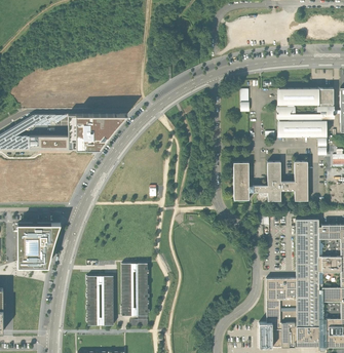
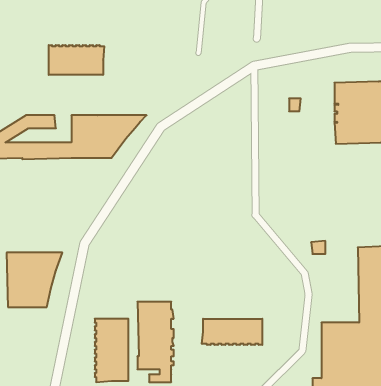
building: none -> [49,45,104,75]
building: [233,162,307,201] -> none
building: none -> [202,319,262,345]

